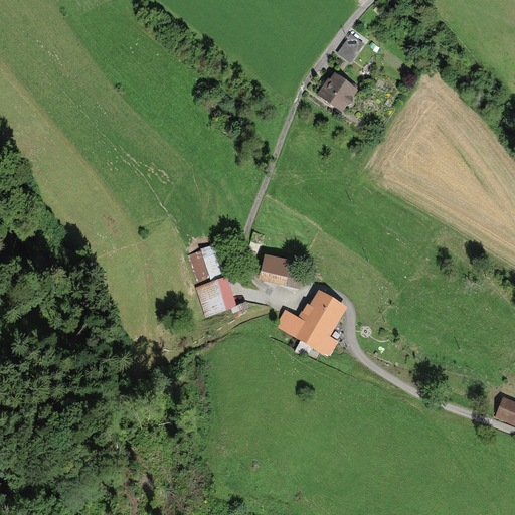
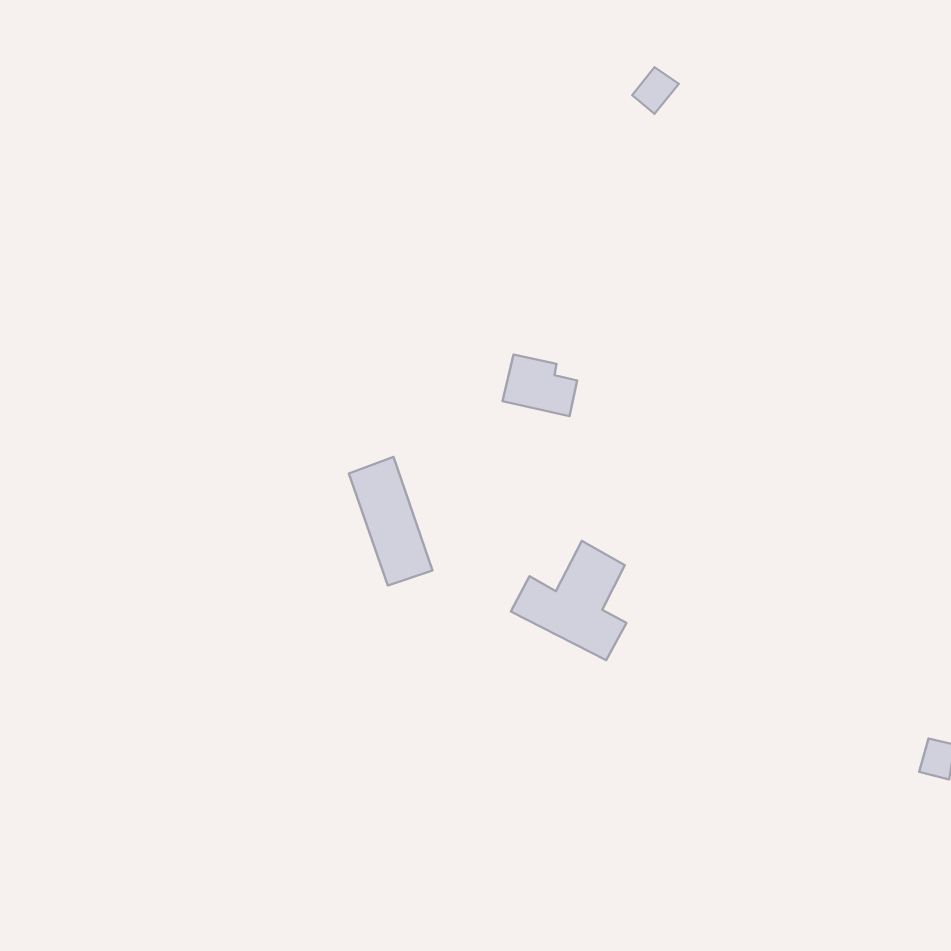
building: [317,72,357,111] -> none
building: [259,249,299,283] -> [502,355,577,416]

